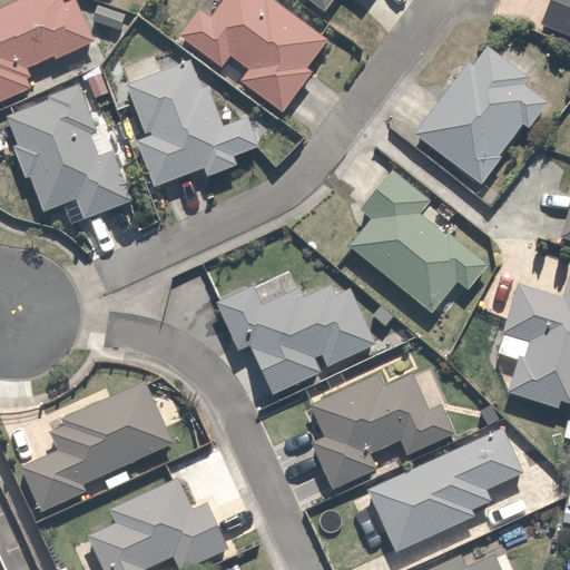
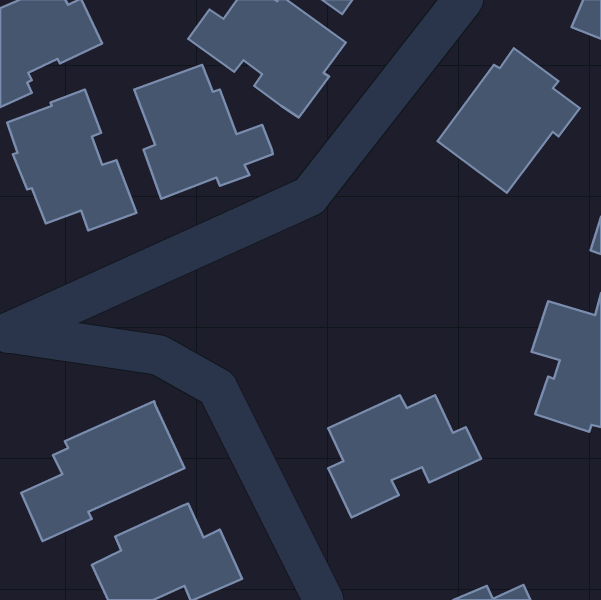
building: [350,171,487,312] -> none
building: [214,284,374,395] -> none
building: [368,430,522,551] -> none

